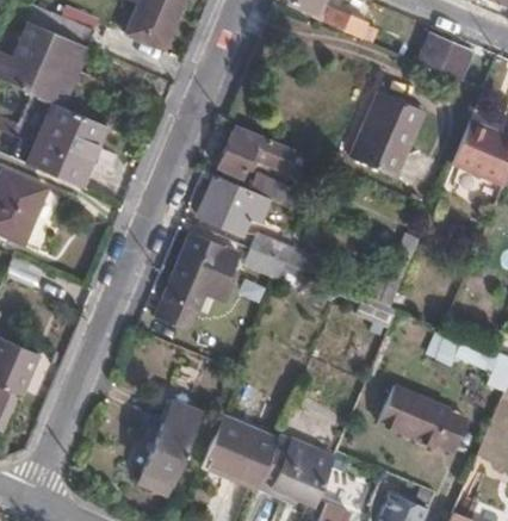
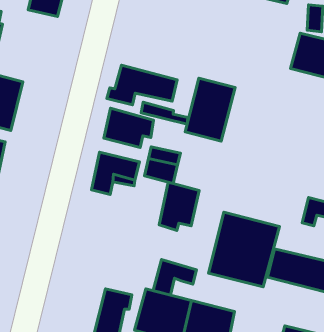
building: [349,91,422,175] -> [185,78,235,141]
building: [156,277,205,328] -> none
building: none -> [159,182,199,230]
building: none -> [208,212,279,287]
building: none -> [153,259,197,295]

